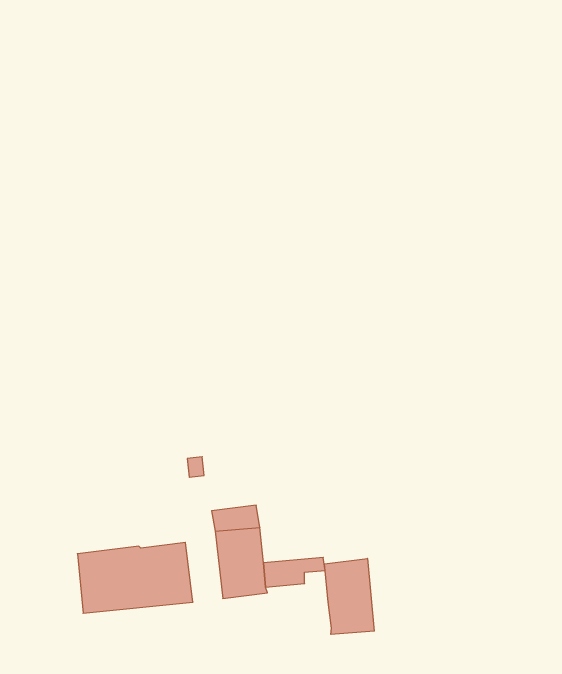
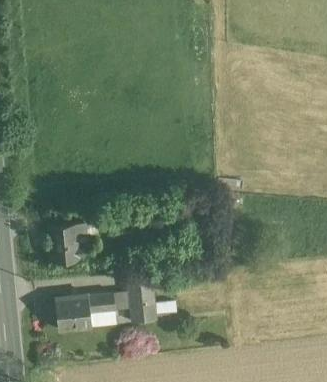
building: none -> [46,223,92,262]
building: [324,558,374,634] -> none

